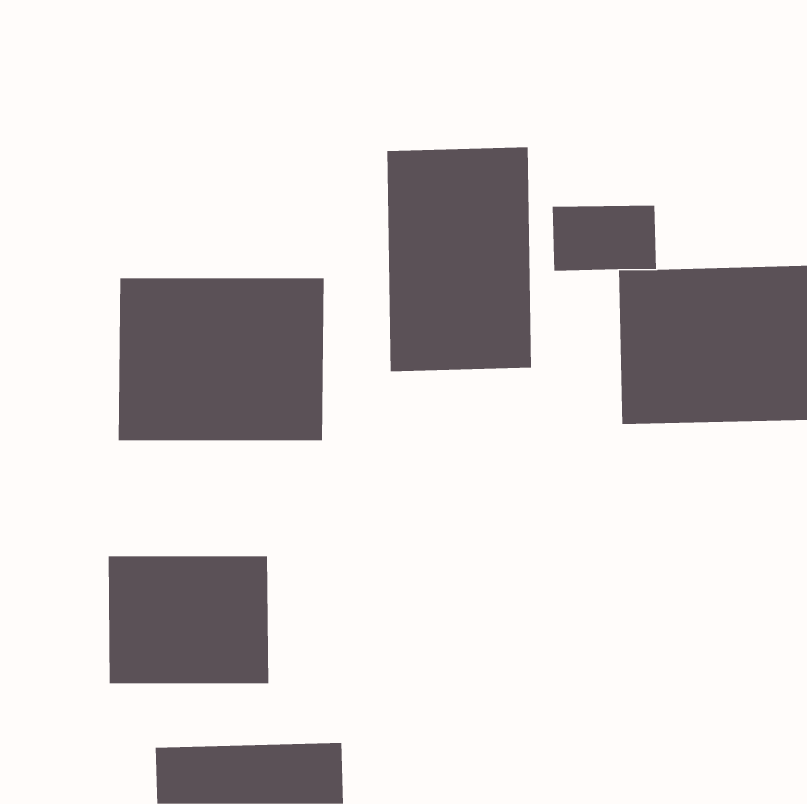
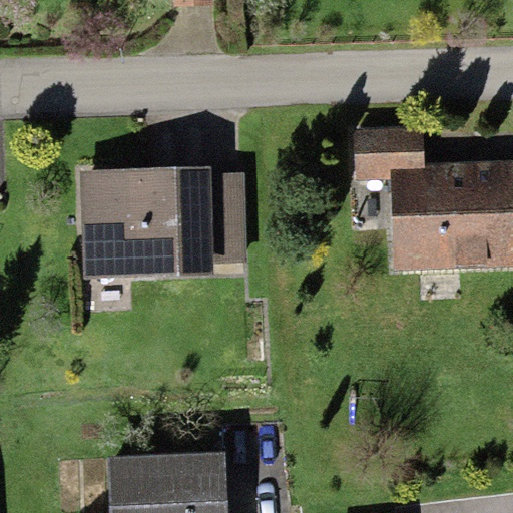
building: [387,146,532,372] -> none
building: [108,556,269,684] -> none

